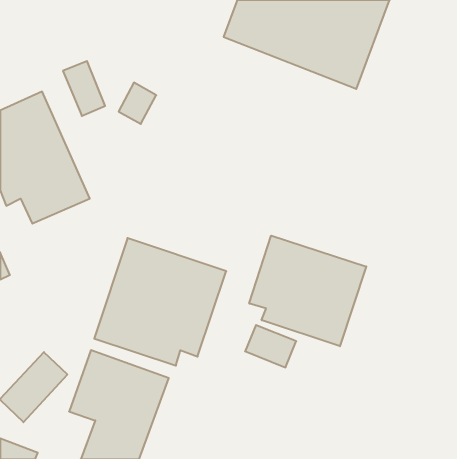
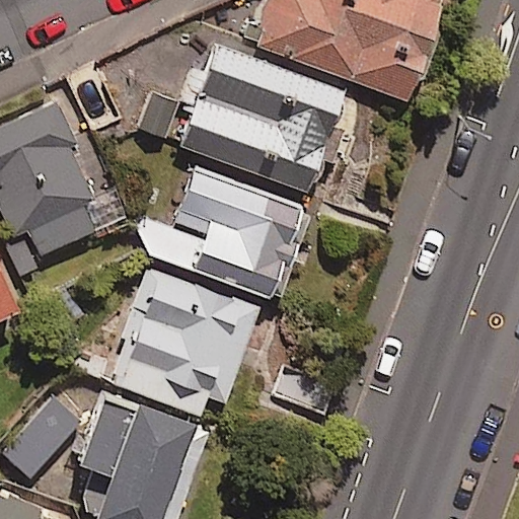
building: none -> [180,41,344,197]
building: none -> [173,165,307,299]
building: [249,236,366,346] -> none

